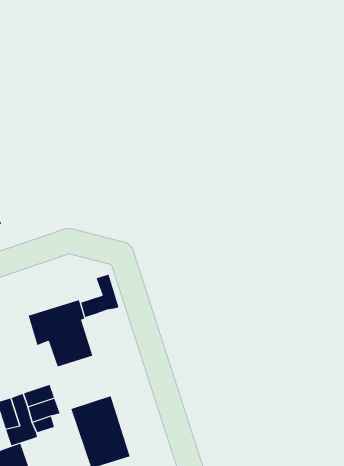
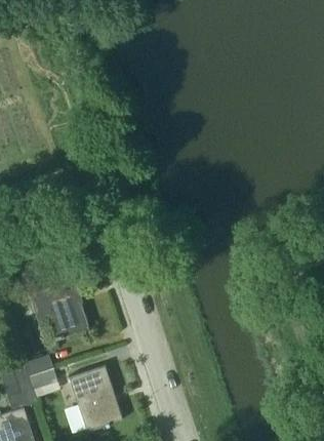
building: [80,274,119,318] -> none

